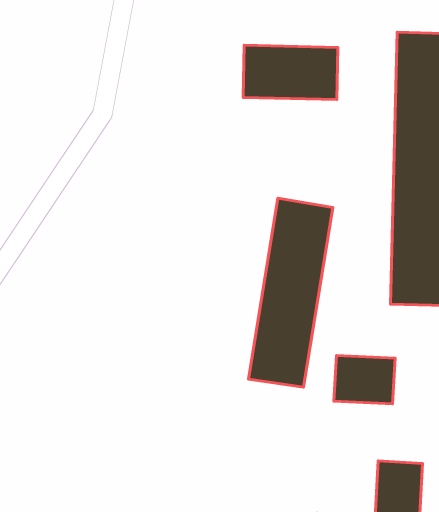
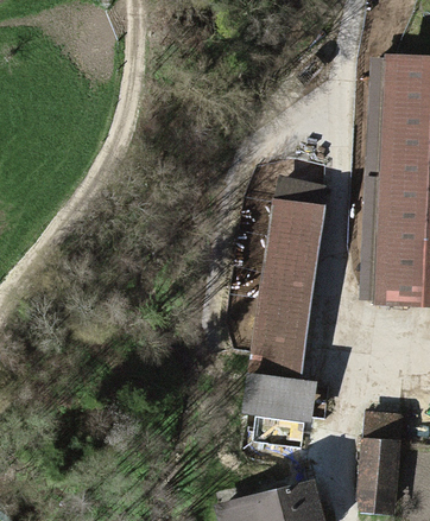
building: [243,45,338,100] -> none
building: [334,356,395,404] -> [259,380,314,422]

